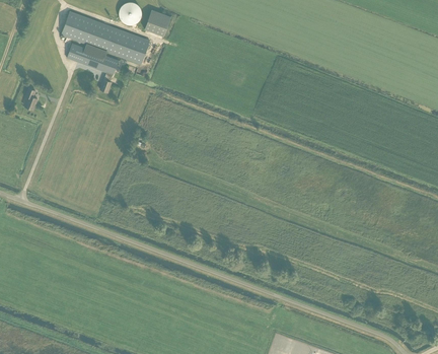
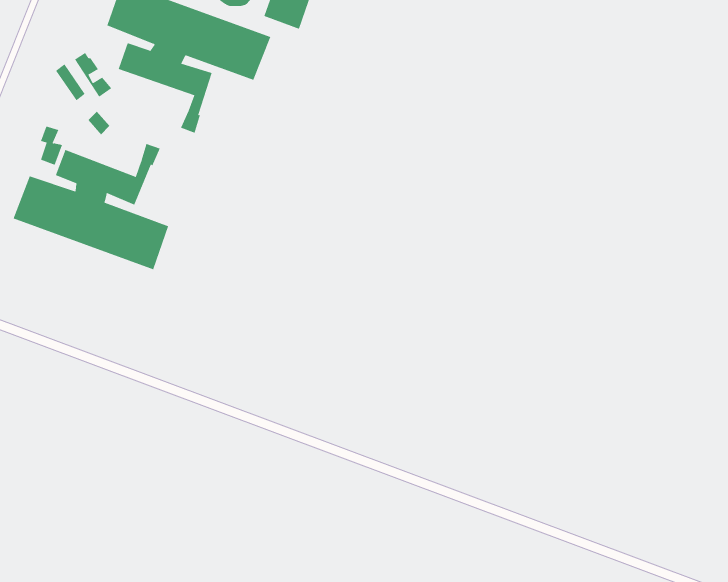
building: none -> [13,143,169,270]

